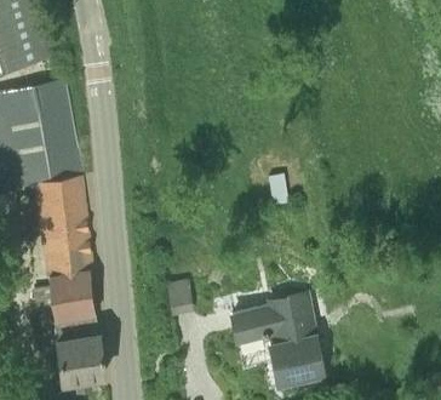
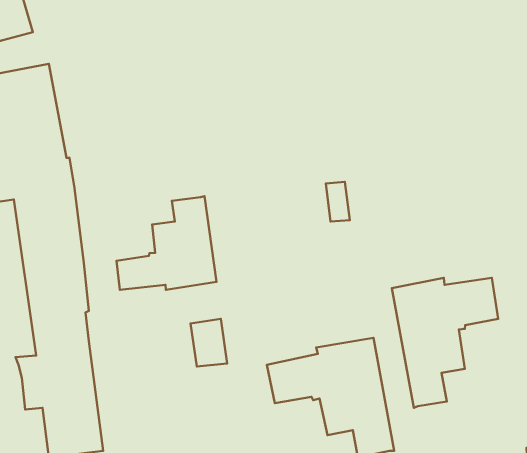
building: none -> [116,196,217,290]
building: none -> [392,278,498,408]

